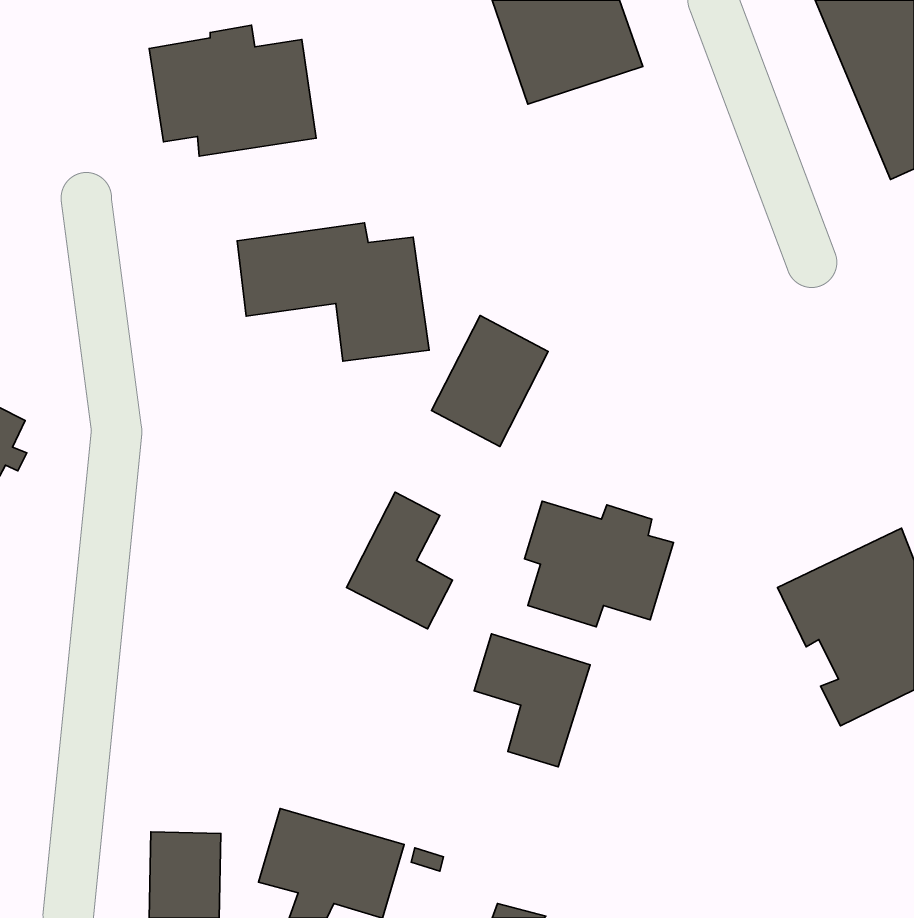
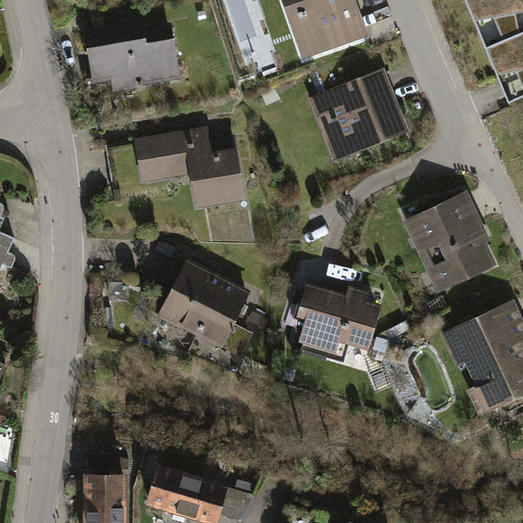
building: none -> [308,72,411,163]
building: [432,315,548,447] -> [158,259,225,334]
building: none -> [405,195,490,293]
building: [474,634,590,767] -> none

